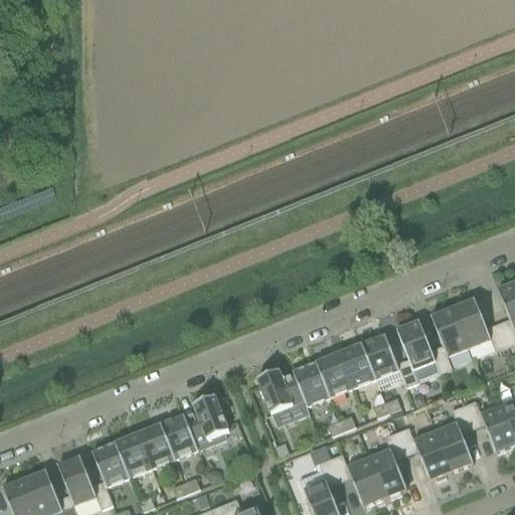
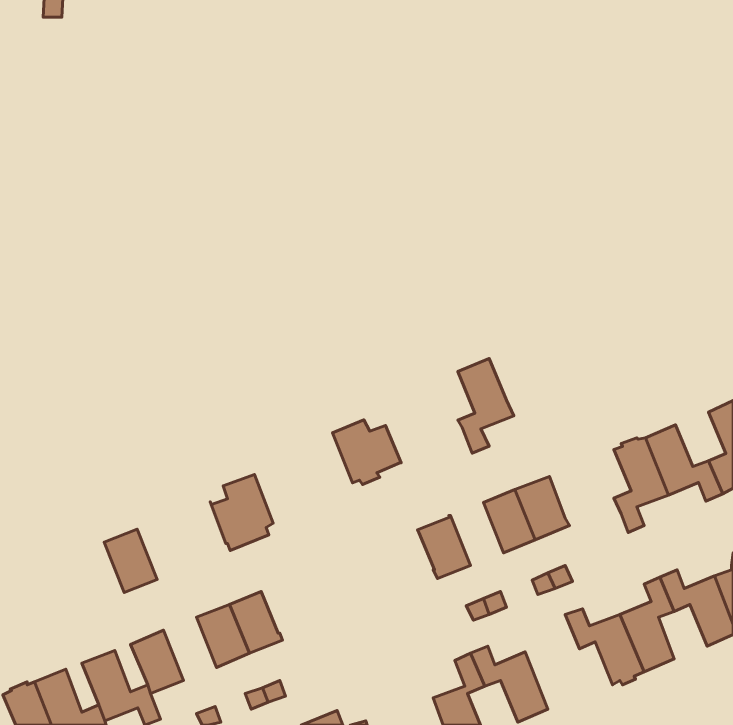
building: [396,320,436,386] -> [458,359,514,453]
building: [316,352,353,396] -> none
building: [256,369,305,414] -> [332,420,401,484]
building: [184,395,228,449] -> [210,474,273,551]
building: [368,431,406,497] -> none
building: [115,433,152,477] -> [104,529,157,592]

